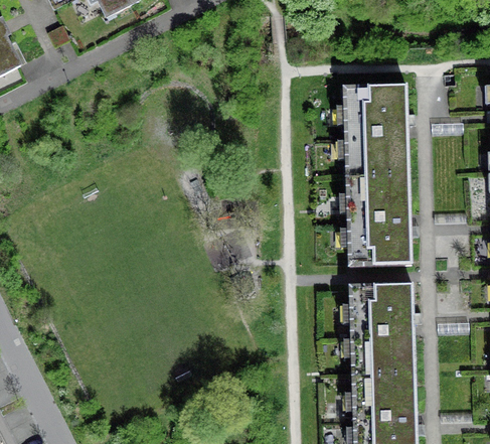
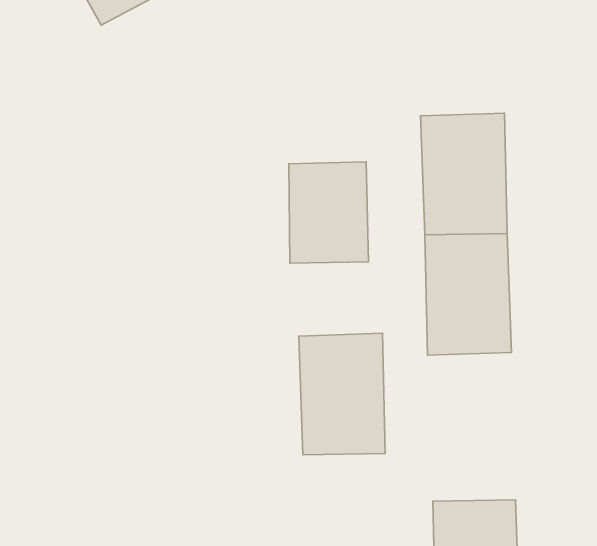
building: none -> [289,162,368,263]
building: [349,284,414,375] -> [299,333,385,455]

